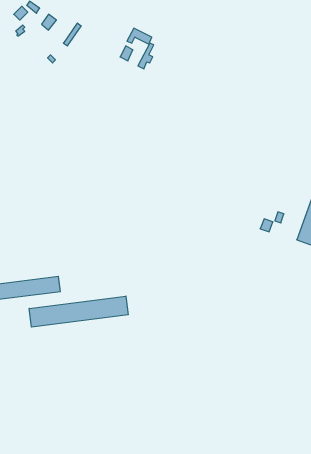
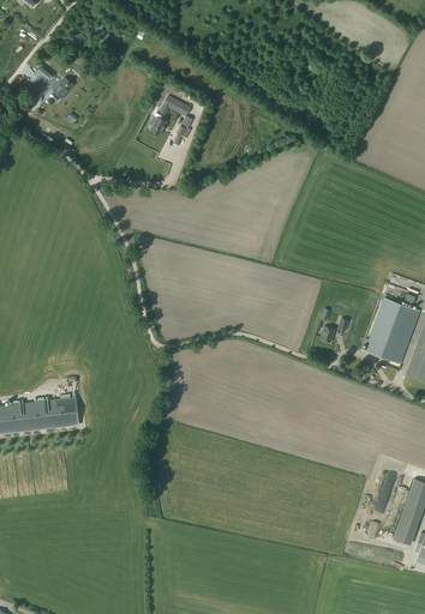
building: [29,296,128,327] -> none

